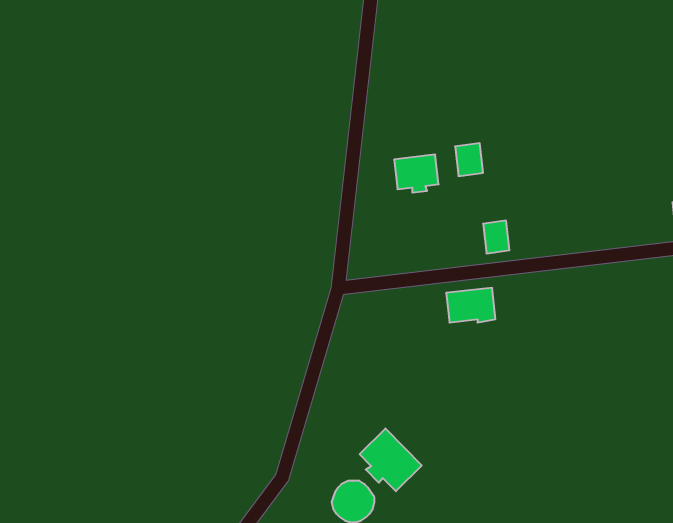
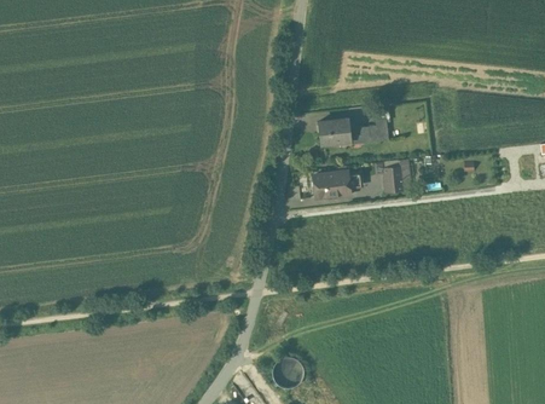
building: [446,288,495,323] -> [313,172,349,197]
building: [360,428,422,491] -> none

